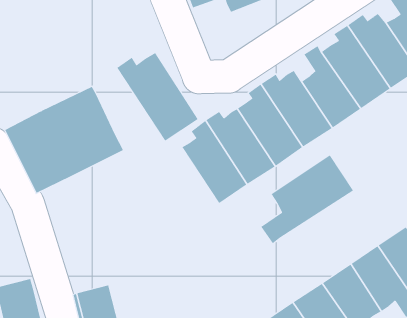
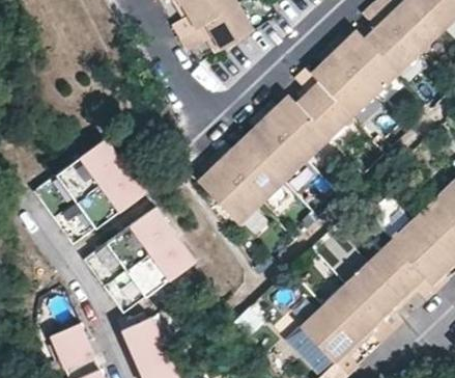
building: [116,52,199,142] -> none
building: [261,155,354,244] -> none
building: none -> [84,207,196,314]

